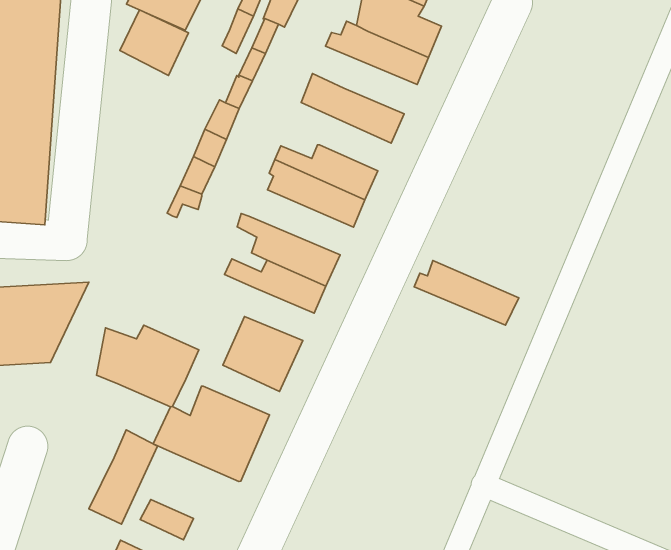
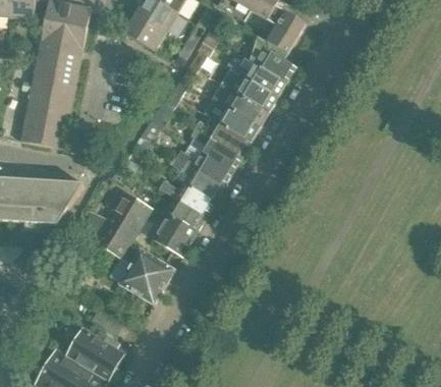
building: [120,10,189,76] -> none
building: none -> [220,68,277,111]
building: none -> [203,98,259,141]
building: [414,260,519,325] -> [175,144,232,184]
building: none -> [165,197,205,229]
building: none -> [110,190,150,227]
building: [89,430,157,524] -> none

